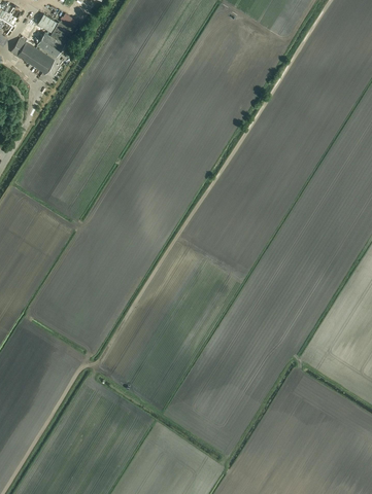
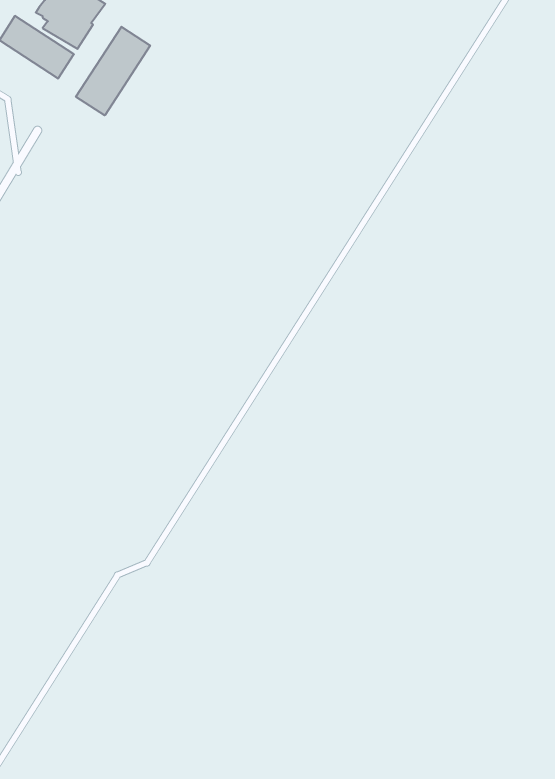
building: none -> [76,27,150,115]

